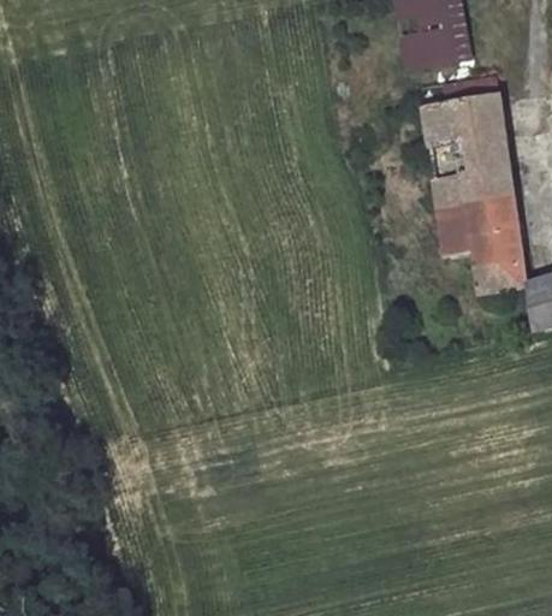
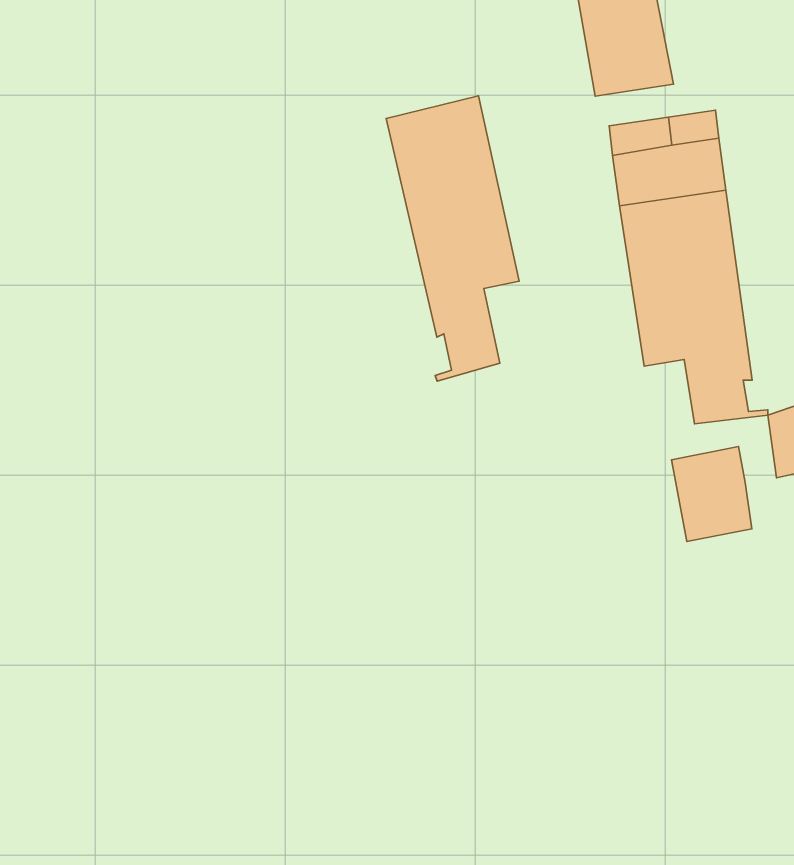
building: none -> [386,96,519,381]
building: none -> [671,447,752,541]

